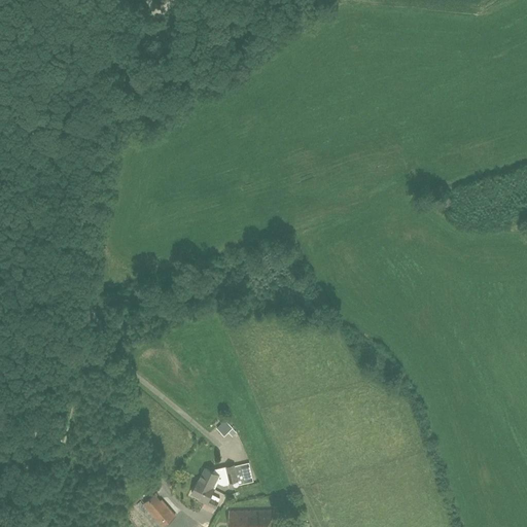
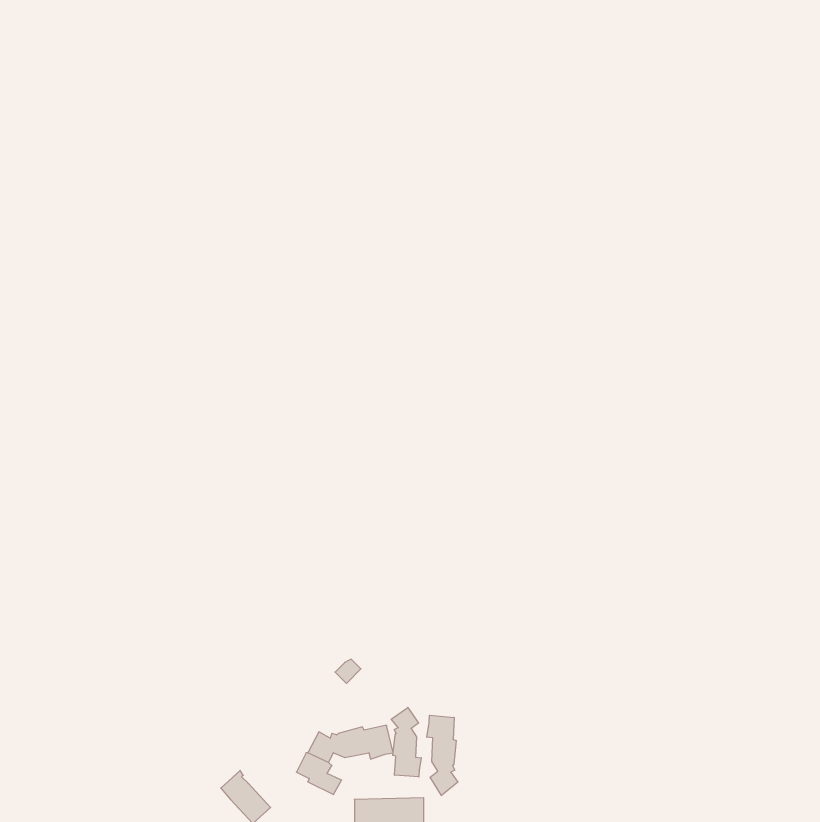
building: none -> [391,707,421,777]
building: none -> [427,715,458,796]

